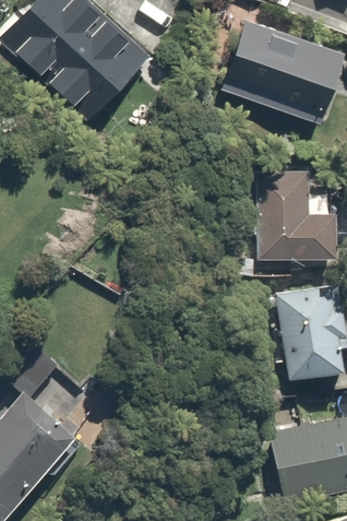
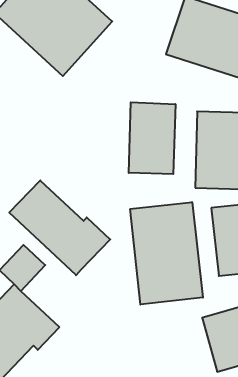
building: none -> [129,102,175,174]
building: none -> [9,180,110,275]
building: none -> [130,202,203,305]

